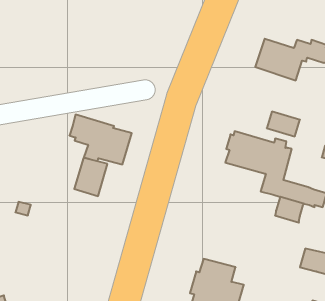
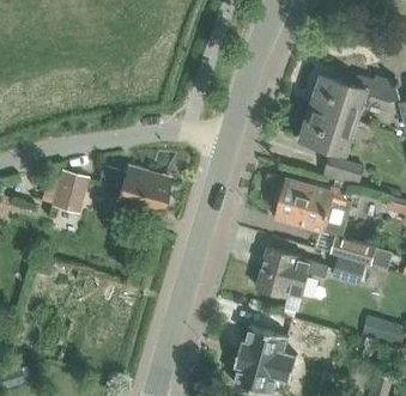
building: none -> [299,105,357,153]
building: [74,158,107,196] -> [50,169,89,213]
building: none -> [256,246,328,299]

